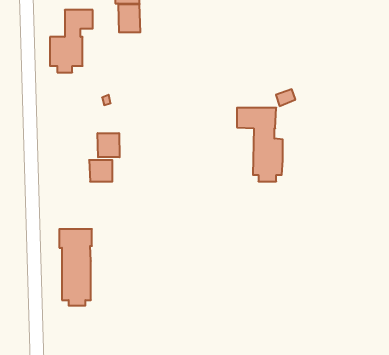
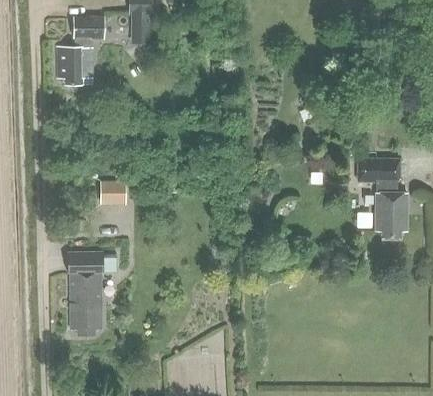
building: [237,108,283,181] -> [358,159,407,238]
building: [98,133,120,157] -> none

